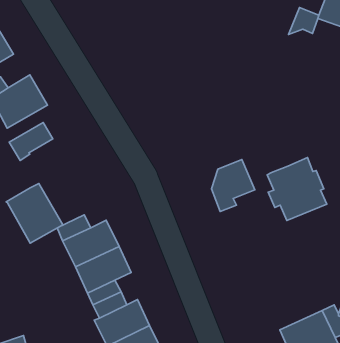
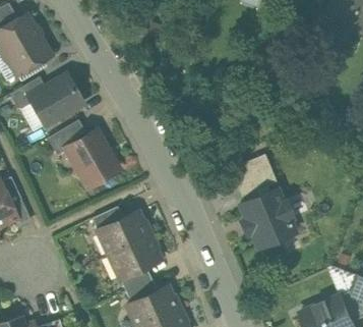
building: [267,157,327,220] -> [240,188,296,248]
building: [6,183,63,243] -> [65,130,118,186]

